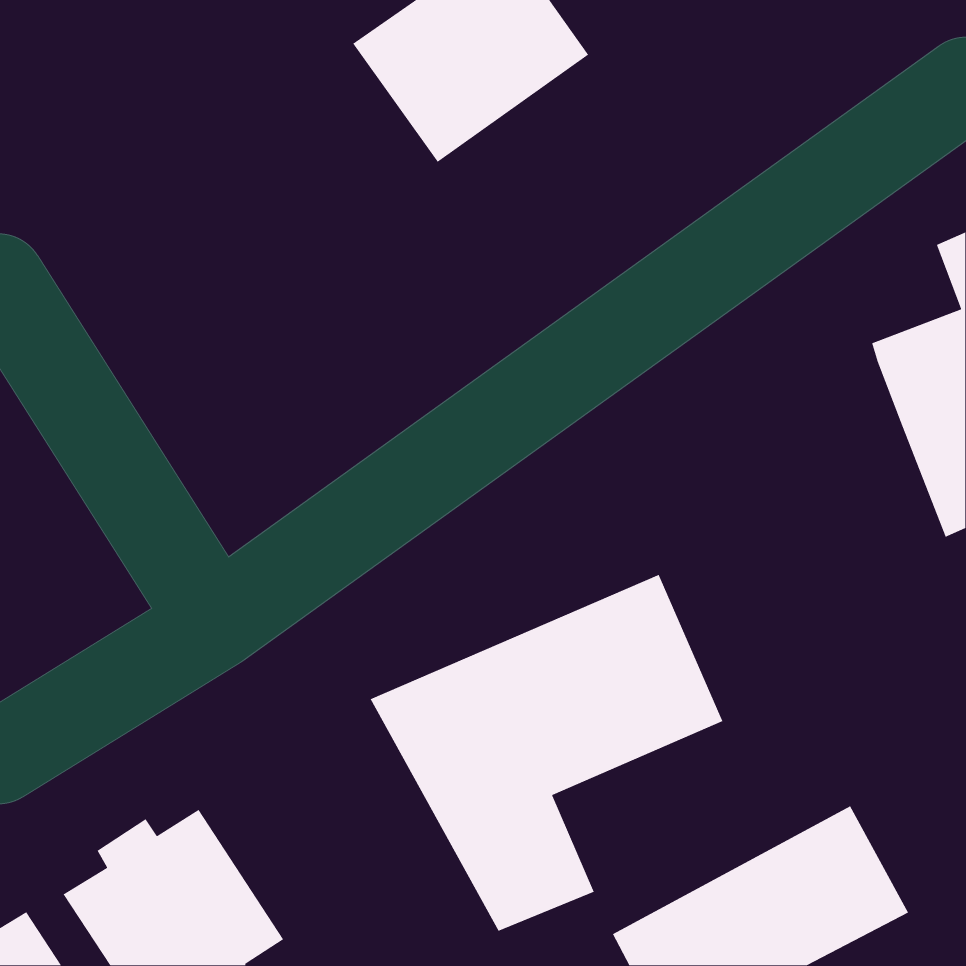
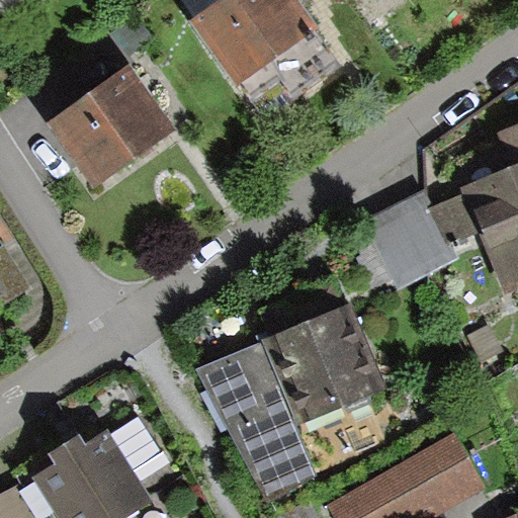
building: none -> [32,86,160,206]
building: none -> [364,190,482,284]

